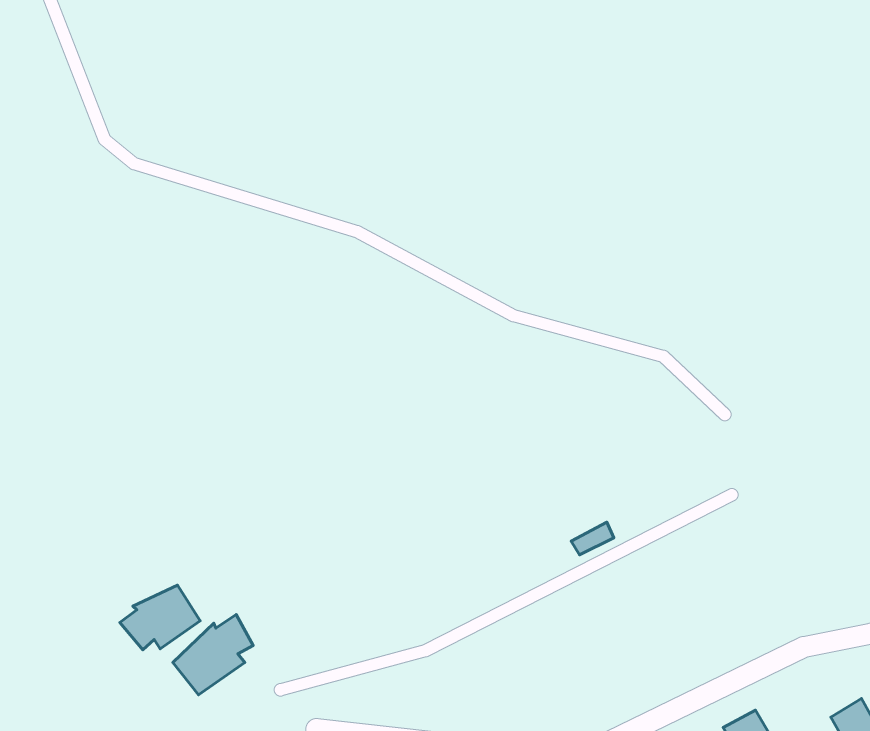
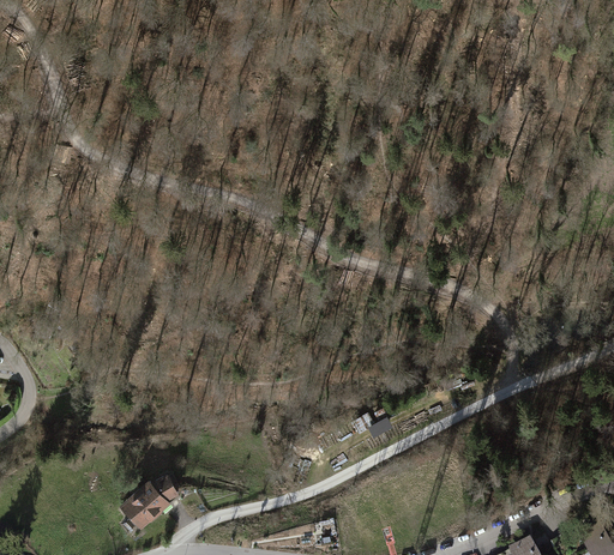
building: [120,585,200,650] -> none

